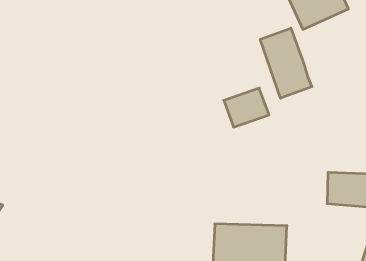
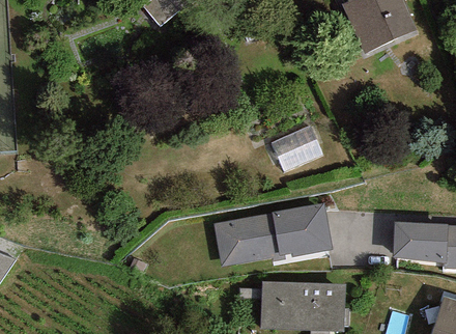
building: [260,28,312,98] -> none
building: none -> [213,202,333,267]

